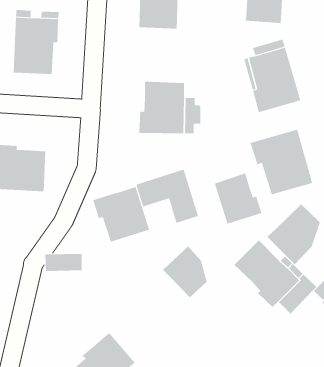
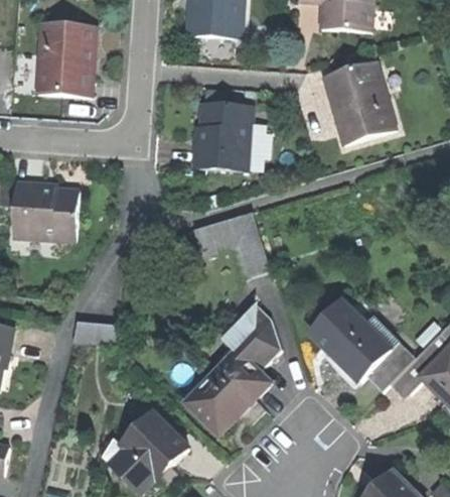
building: [250,129,313,195] -> none
building: [214,172,262,225] -> none
building: [93,186,150,243] -> none
building: [267,203,320,265] -> none
building: none -> [181,345,269,436]

